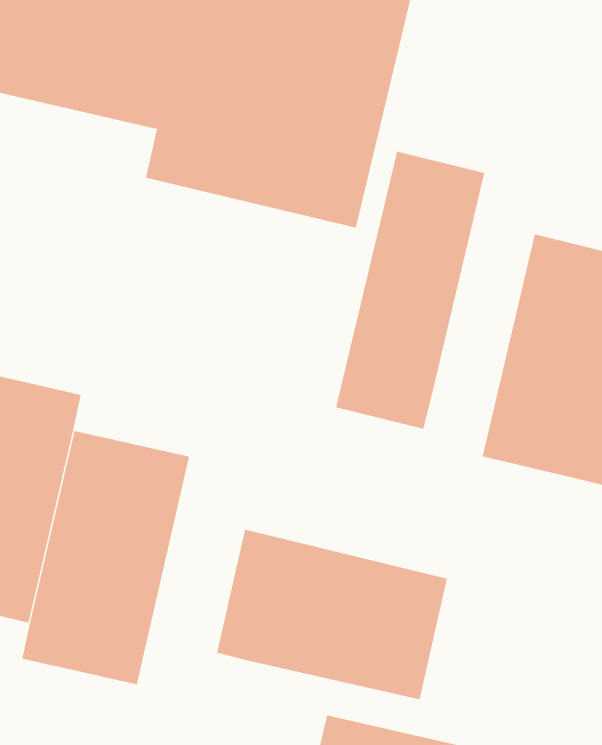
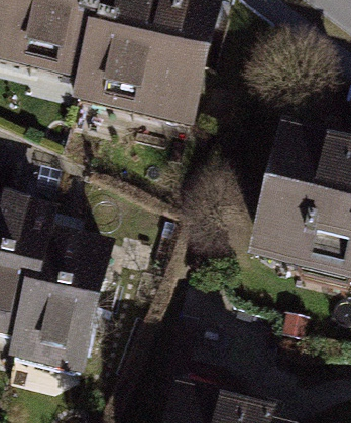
building: [335,151,485,429] -> none
building: [216,529,447,700] -> none

